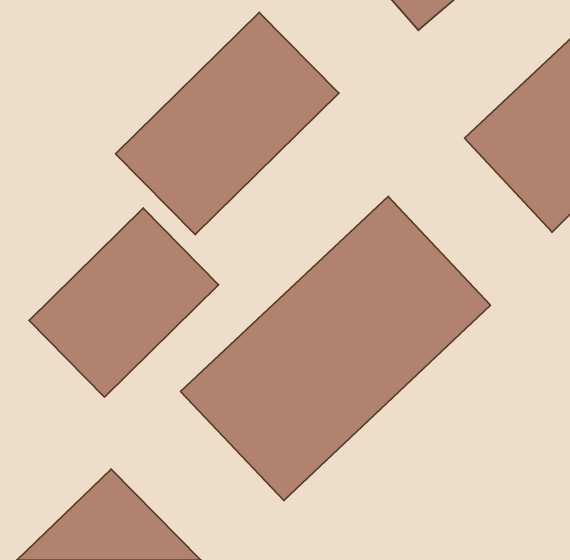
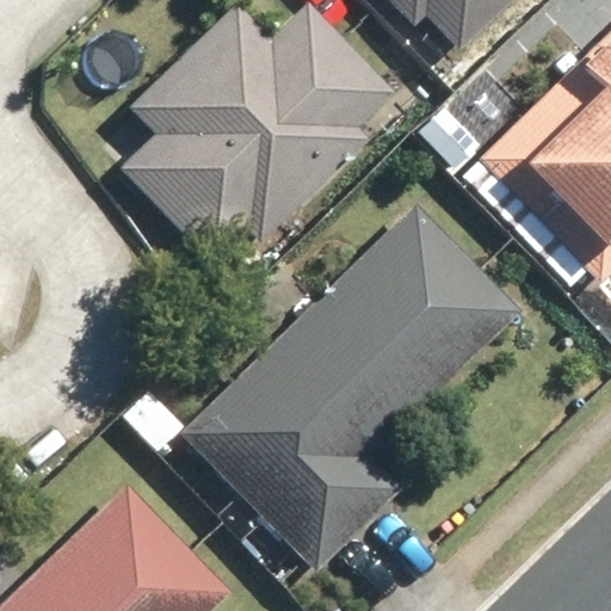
building: [29,208,219,397] -> none

